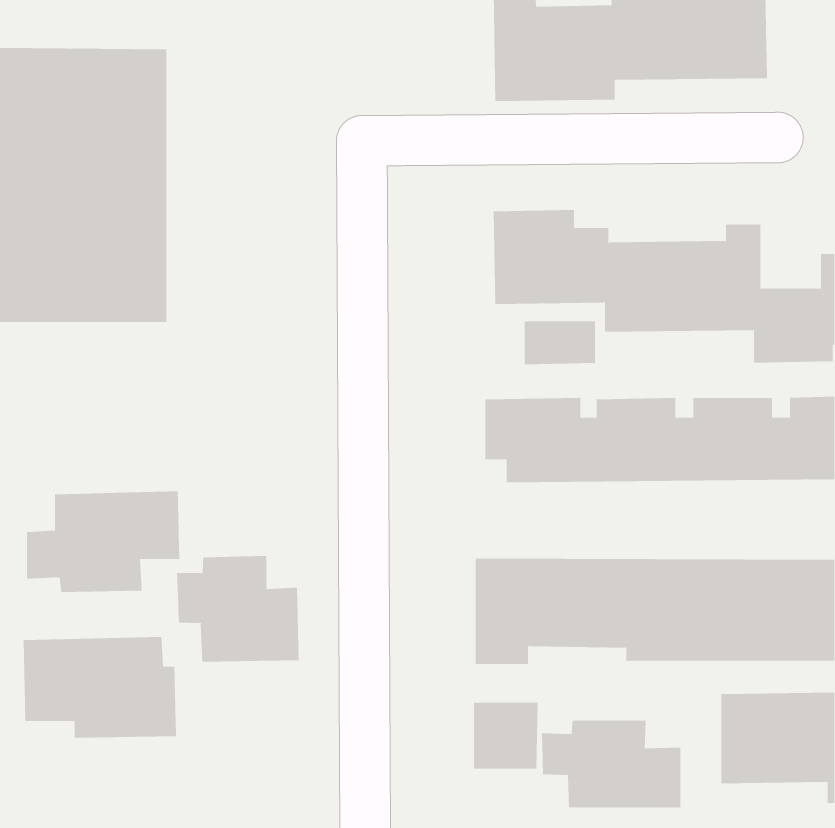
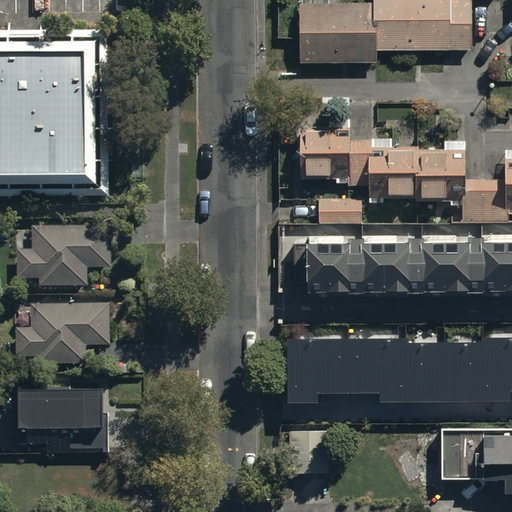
building: none -> [18,220,112,282]
building: [177,555,299,662] -> none
building: [541,720,681,808] -> none

